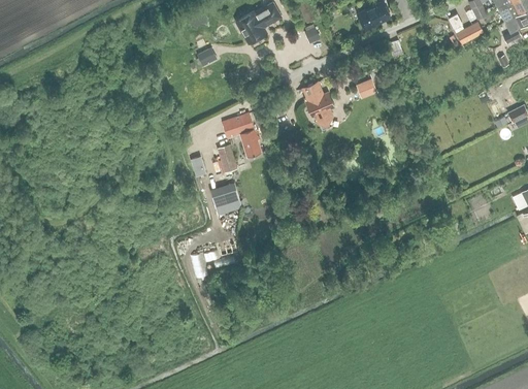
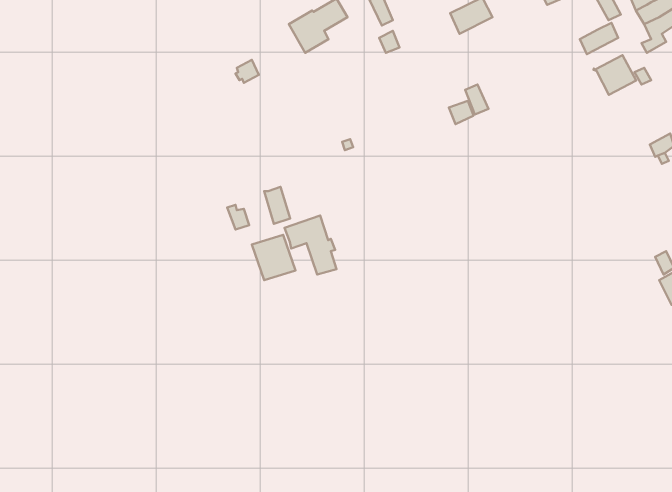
building: none -> [593,55,636,95]
building: [302,82,334,123] -> none
building: [222,112,261,157] -> [284,216,336,275]

